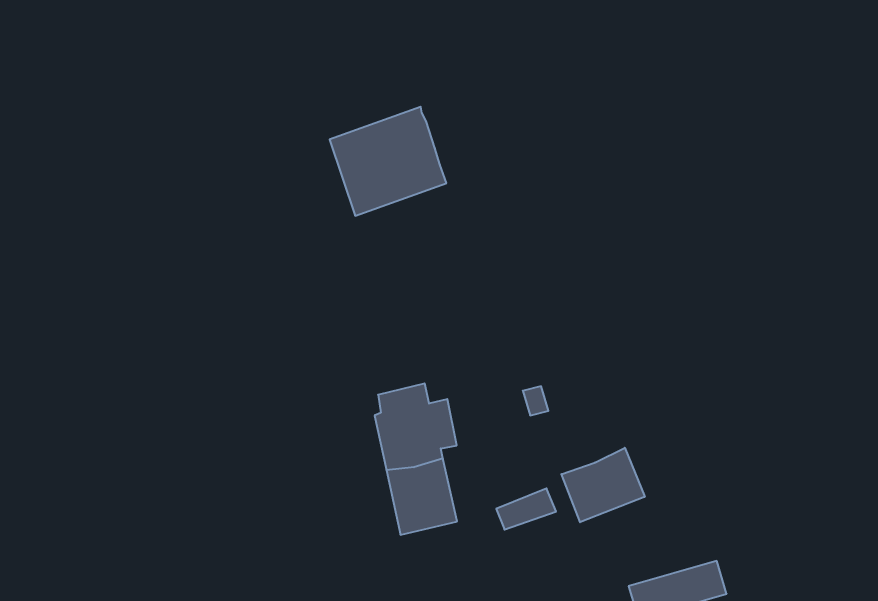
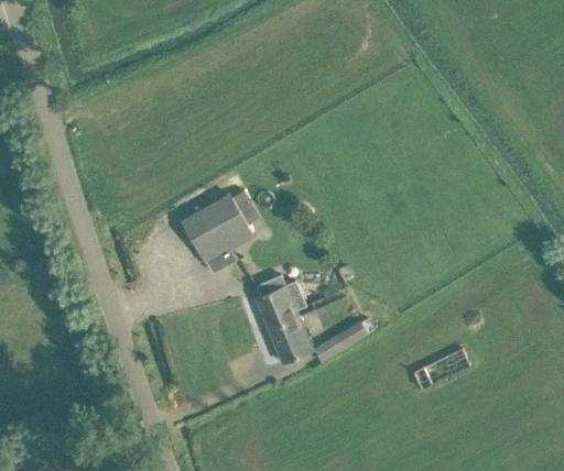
building: [330,107,446,216] -> [182,195,252,263]
building: [561,448,645,522] -> none

